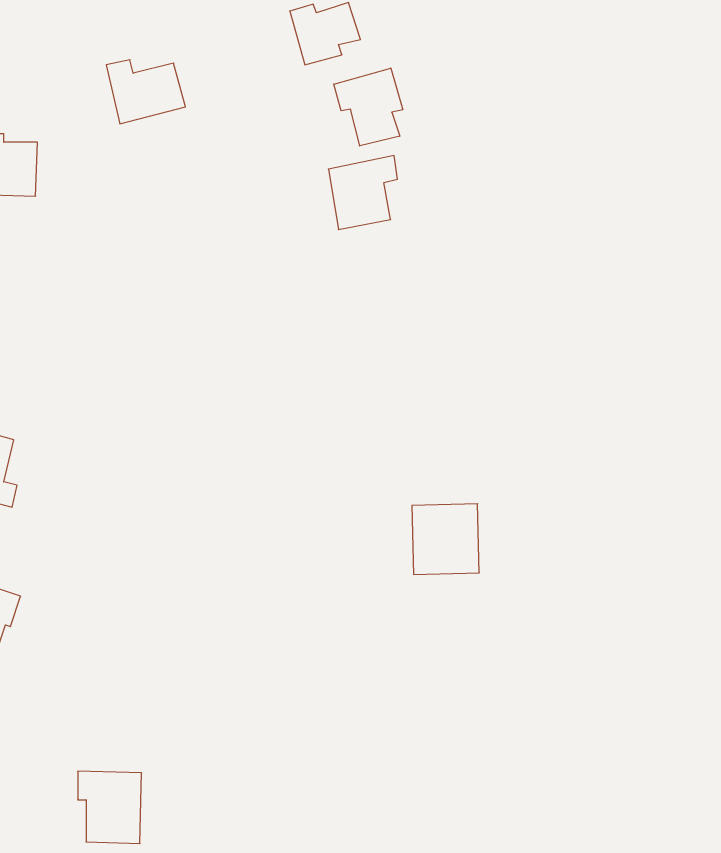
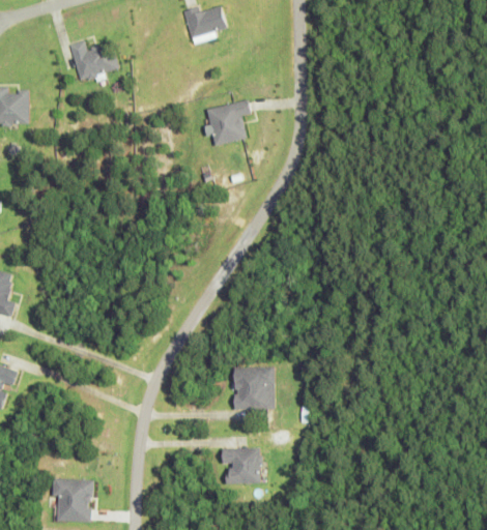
building: [334,68,403,146] -> none
building: [412,504,479,574] -> [234,365,276,409]
building: none -> [223,447,261,484]

